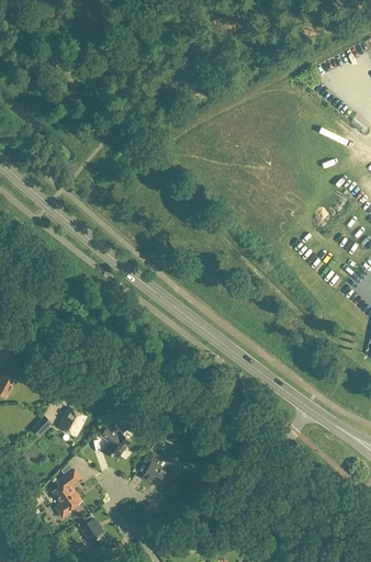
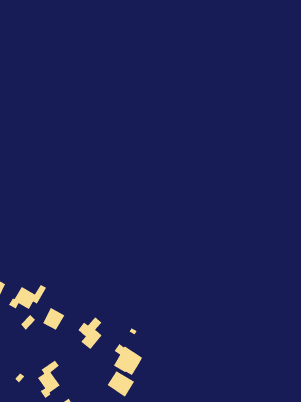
building: none -> [8,284,47,310]
building: none -> [106,370,135,398]

